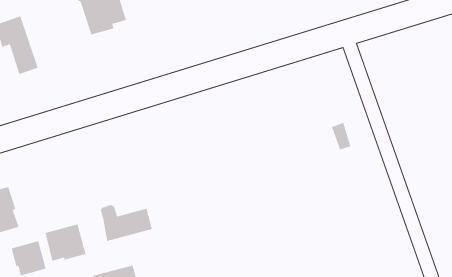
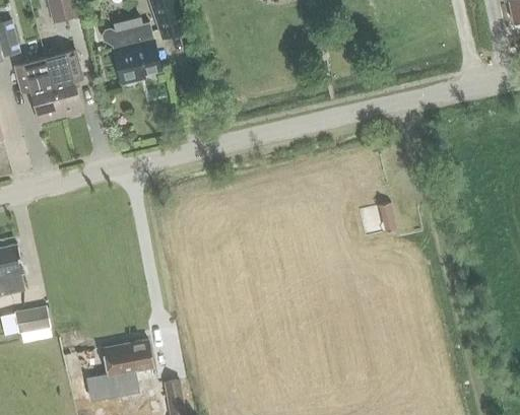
building: none -> [45,50,82,116]
building: [100,204,152,242] -> none
building: [45,224,86,262] -> none

